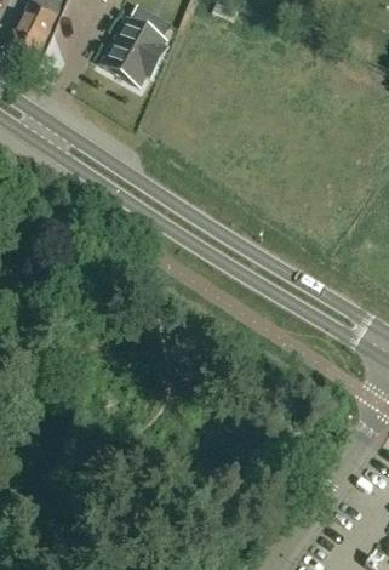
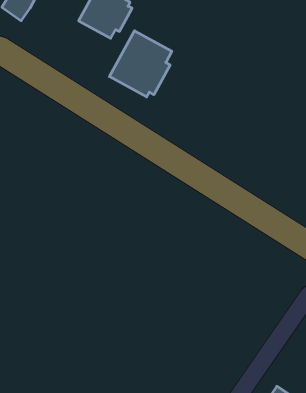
building: none -> [109,31,172,97]

